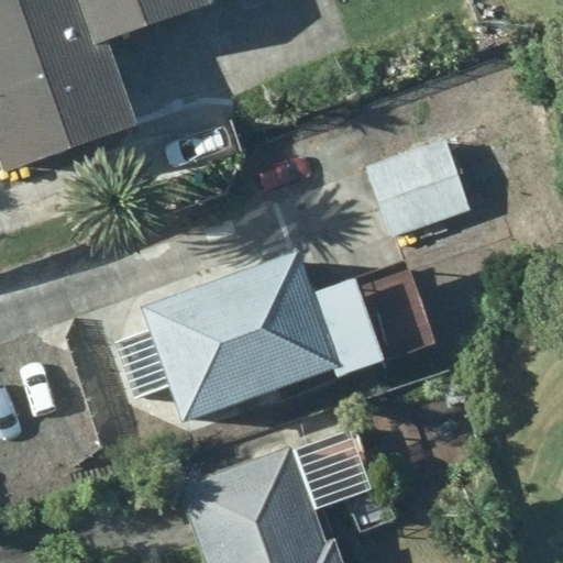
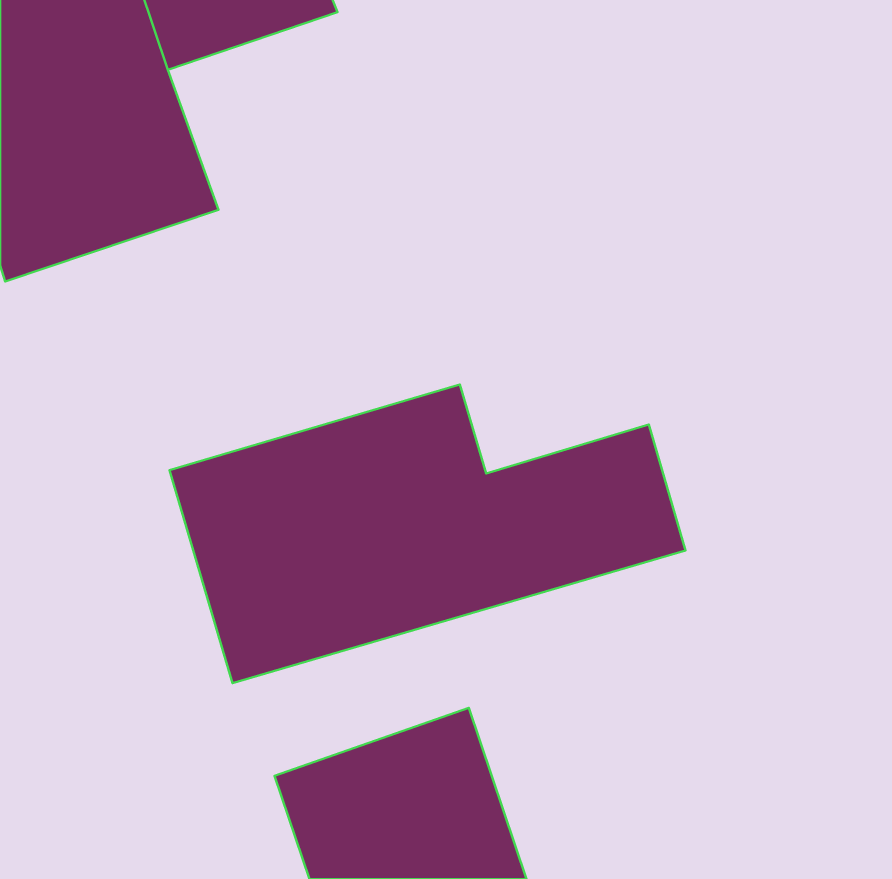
building: [373,133,474,234] -> none

